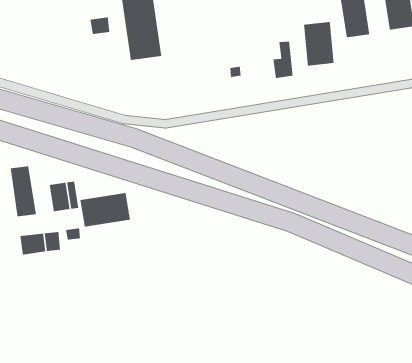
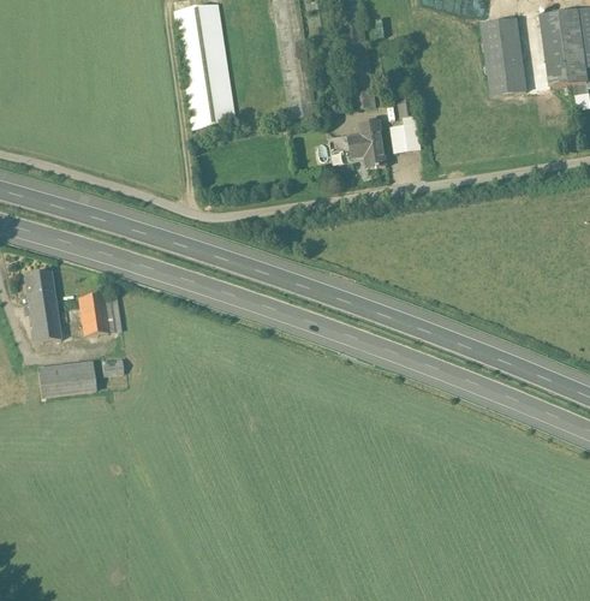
building: [89,16,110,35] -> none
building: [303,21,335,66] -> none
building: none -> [352,121,389,169]
building: [79,192,131,227] -> none

